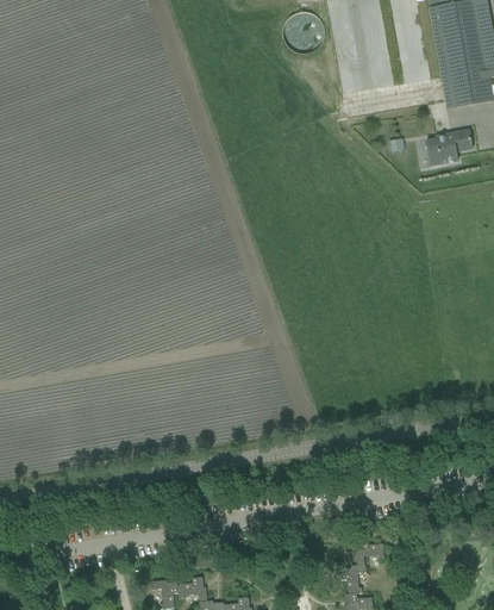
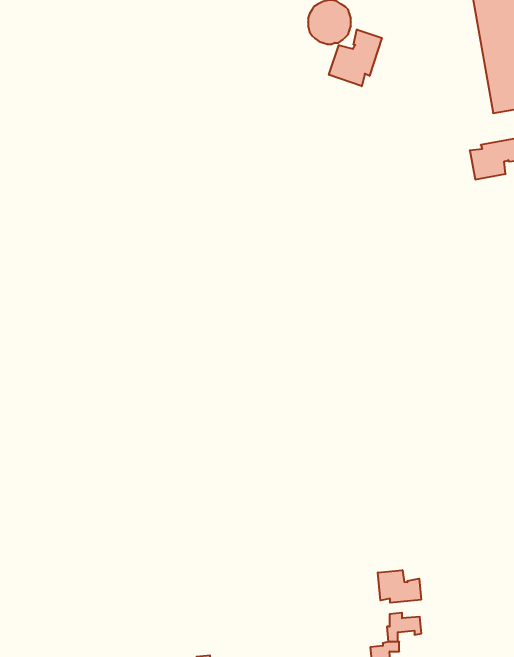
building: none -> [329,29,382,86]
building: none -> [378,570,421,603]

